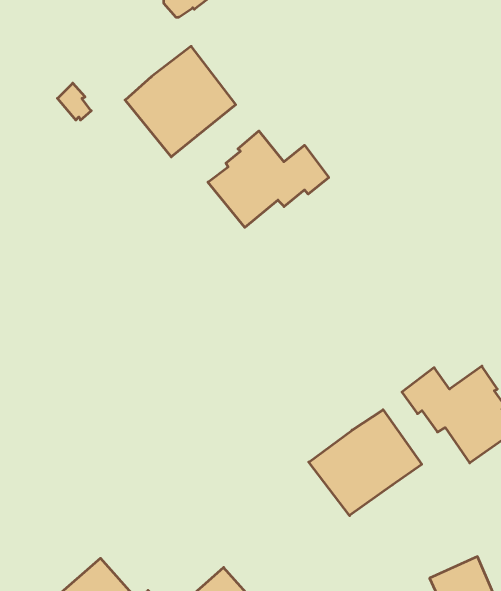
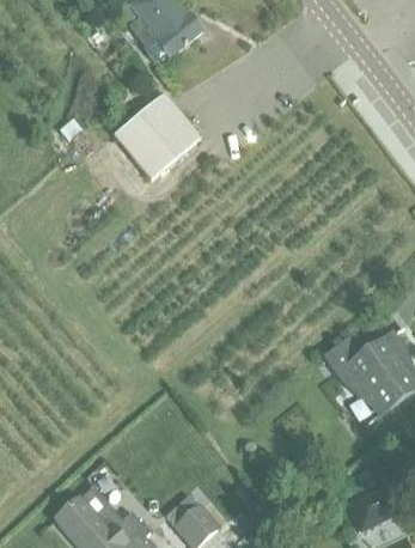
building: [208,131,329,227] -> none
building: [309,410,422,516] -> none

